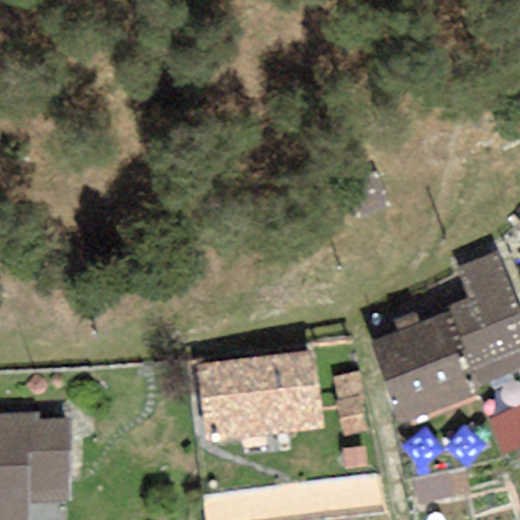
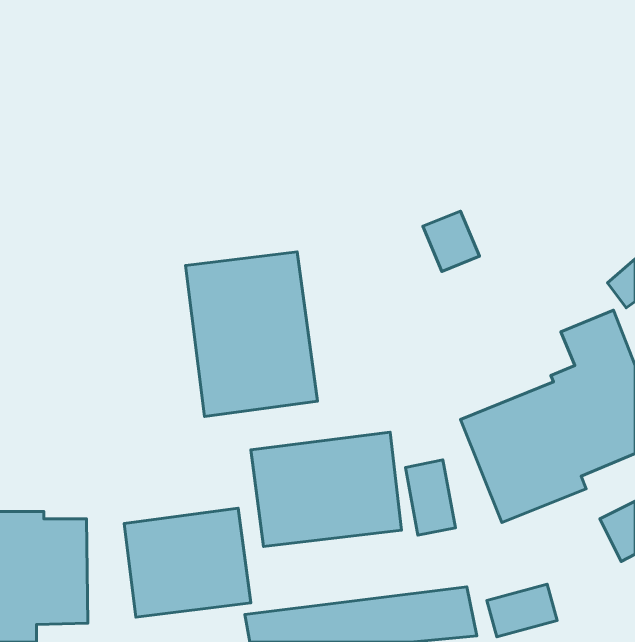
building: none -> [185,252,317,416]
building: none -> [124,508,251,617]

